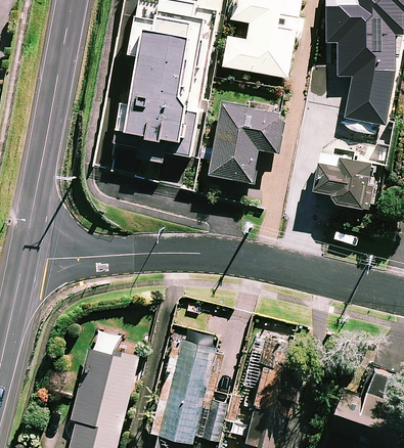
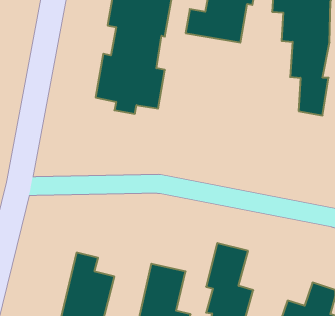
building: [209,103,284,183] -> none
building: [313,159,371,210] -> none

